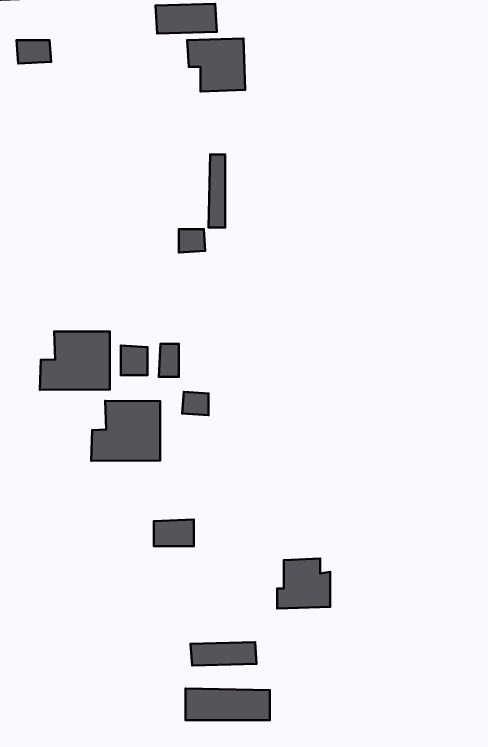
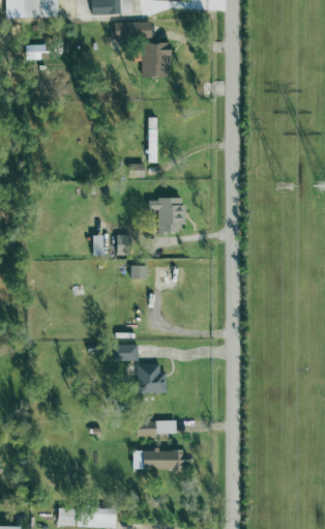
building: none -> [148,197,184,233]
building: [40,331,110,390] -> none
building: [91,401,160,461] -> none
building: [277,559,330,608] -> [134,362,167,393]

